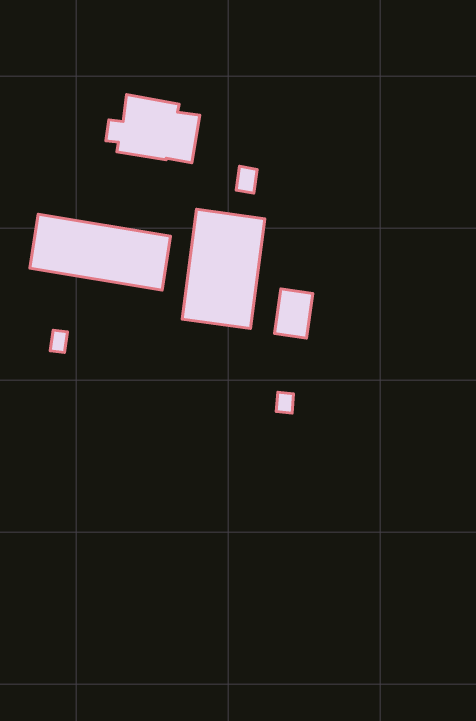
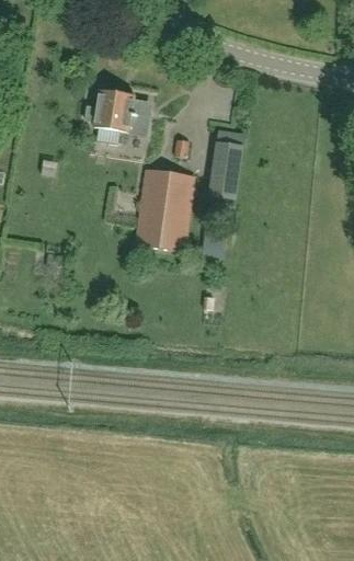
building: none -> [209,130,243,199]
building: [30,214,170,290] -> none

